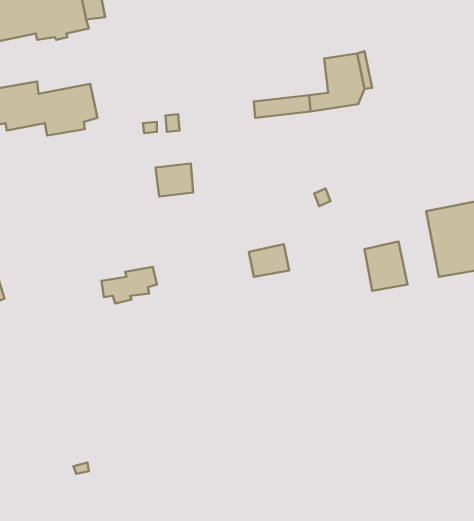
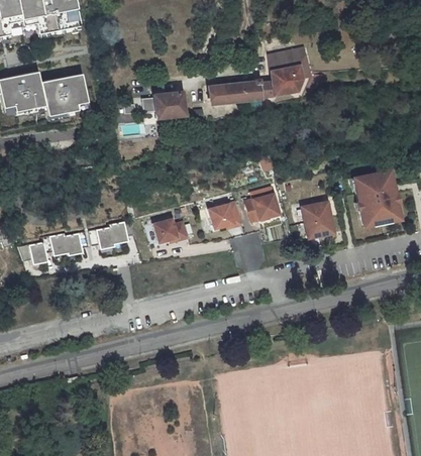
building: [155,164,193,196] -> [153,91,184,117]
building: none -> [247,195,280,221]
building: none -> [153,217,186,243]
building: none -> [20,231,88,265]

